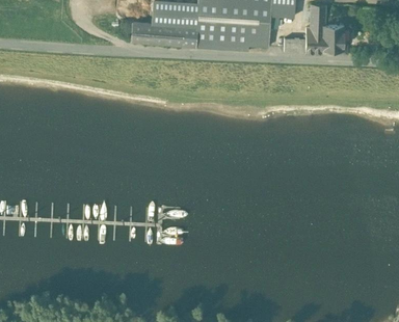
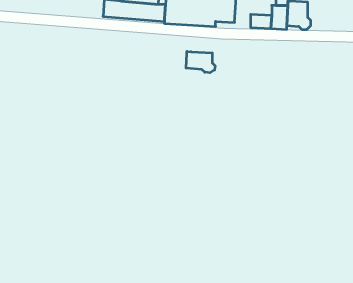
building: none -> [186,51,215,73]

